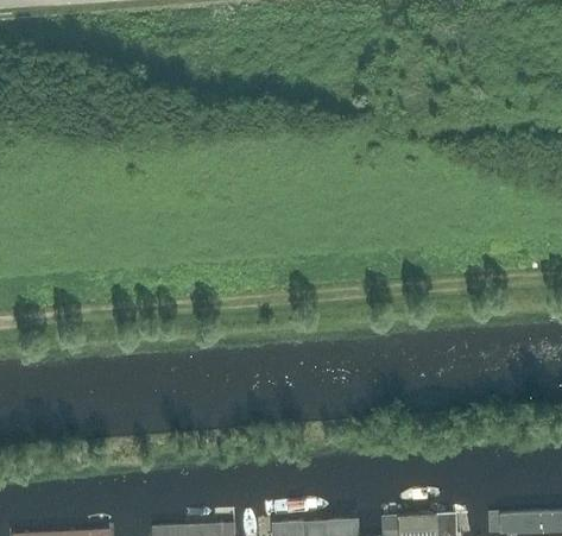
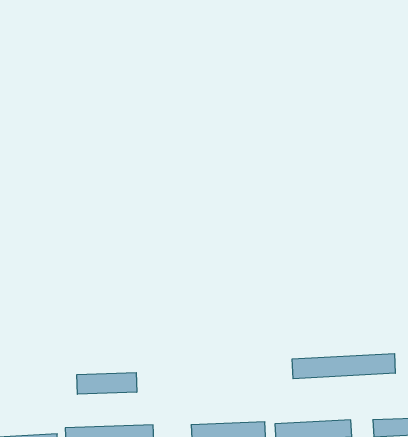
building: none -> [292,354,395,379]
building: none -> [77,373,137,394]

